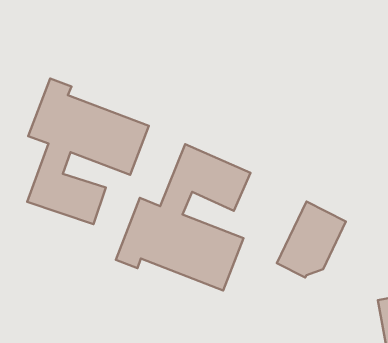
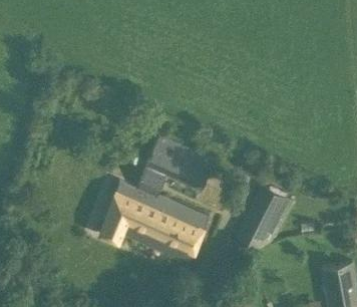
building: [27,78,149,224] -> none

